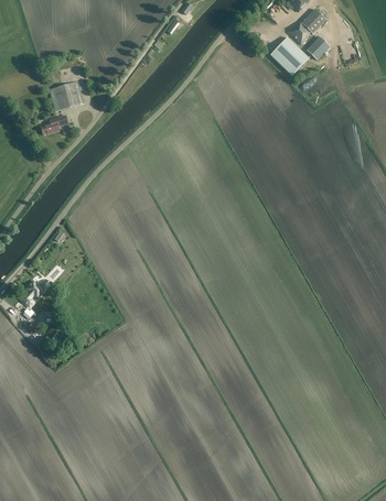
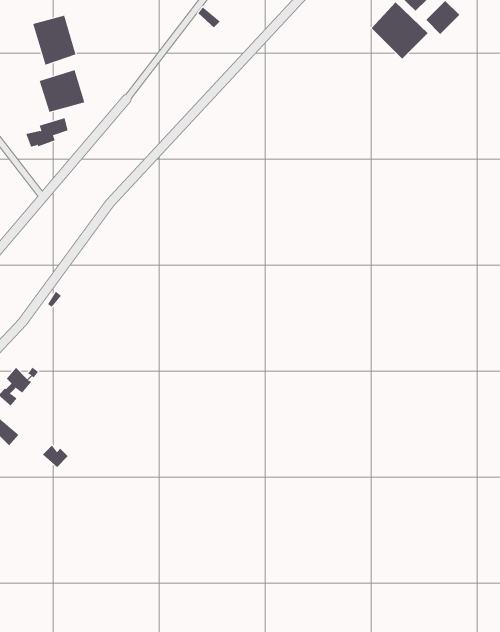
building: none -> [33,15,76,66]

